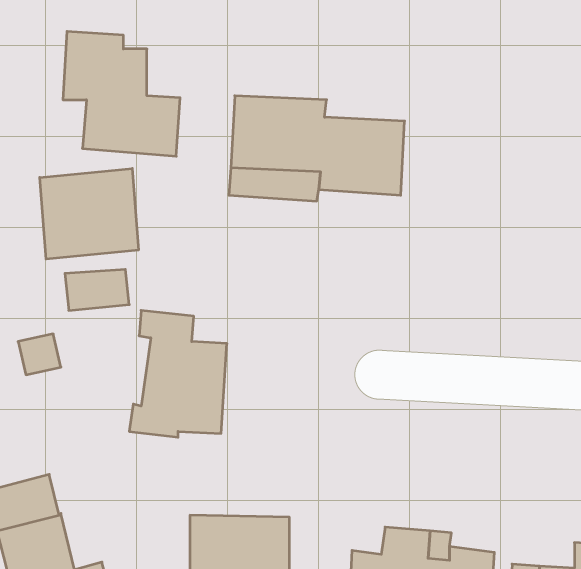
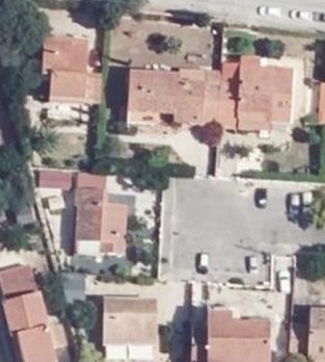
building: none -> [219,62,293,127]
building: [40,168,138,259] -> none

